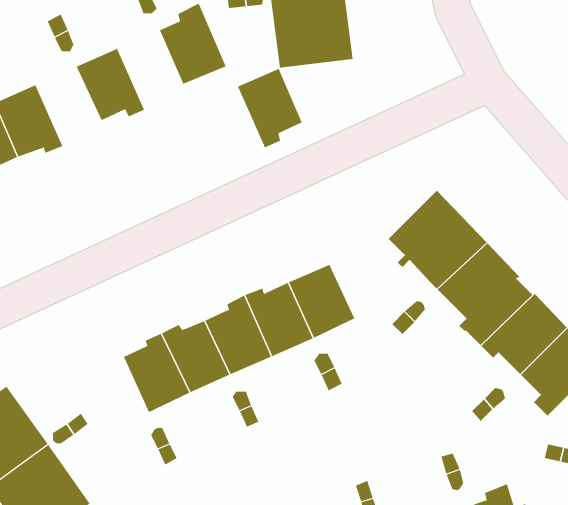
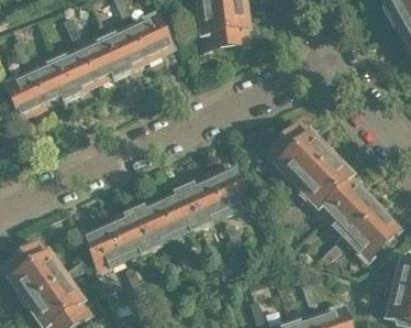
building: none -> [56,47,96,96]
building: [237,68,303,148] -> [105,25,145,74]
building: none -> [84,223,124,269]

